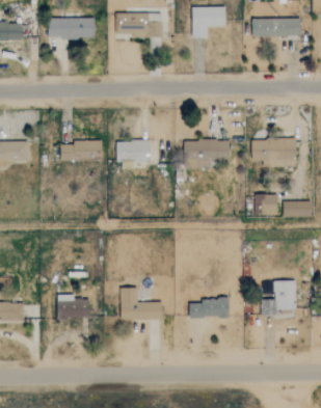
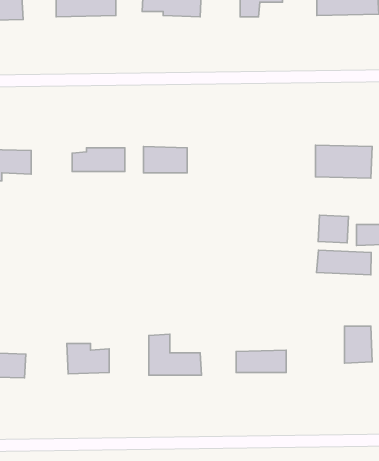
building: [184,139,230,168] -> none
building: none -> [317,250,371,275]

